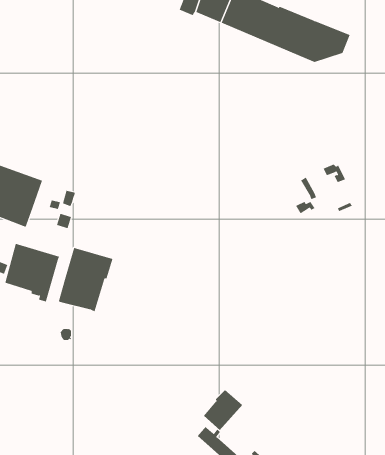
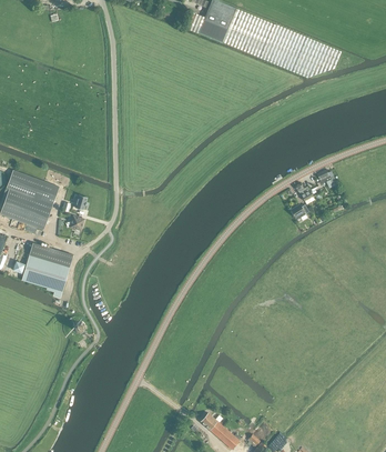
building: [58,247,113,312] -> none
building: [203,389,243,431] -> none

